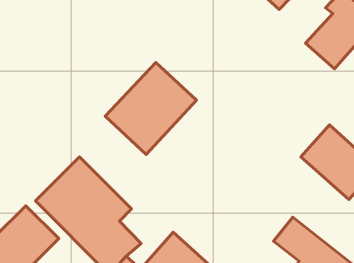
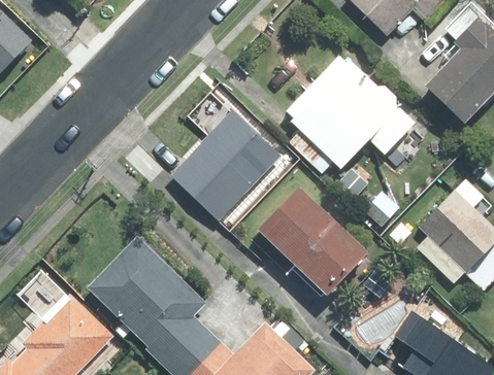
building: none -> [287,55,410,161]
building: none -> [249,186,365,301]

